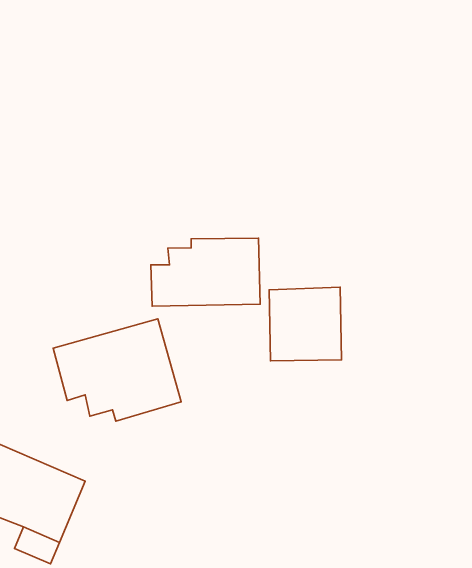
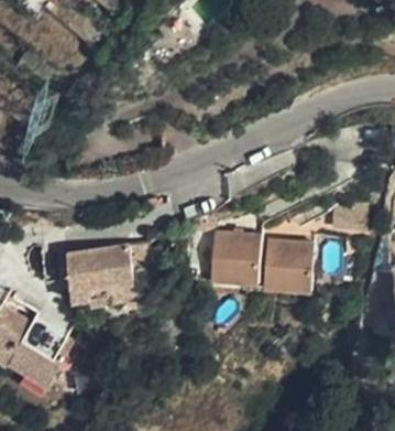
building: [151,238,260,306] -> none
building: none -> [252,243,301,293]

